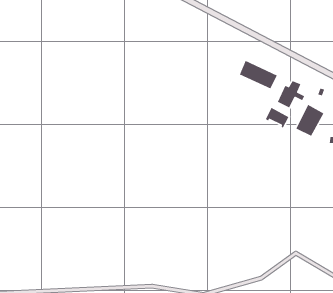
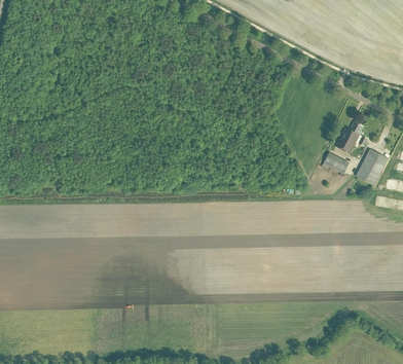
building: [239,60,278,90] -> none

